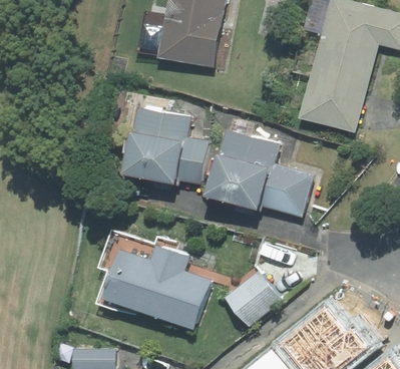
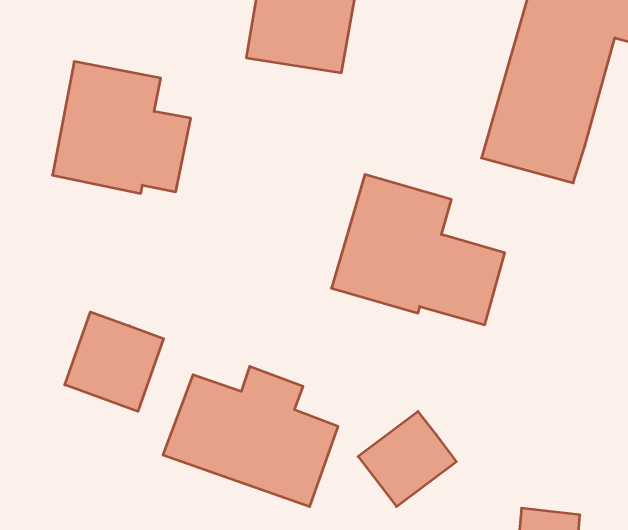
building: [123,106,207,186] -> [52,62,191,193]
building: none -> [65,312,164,411]

